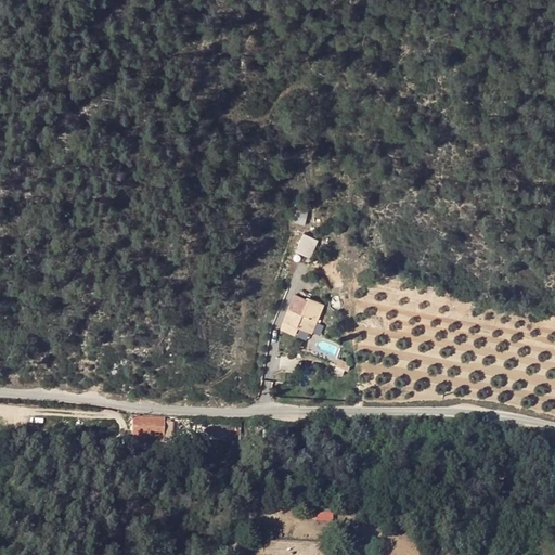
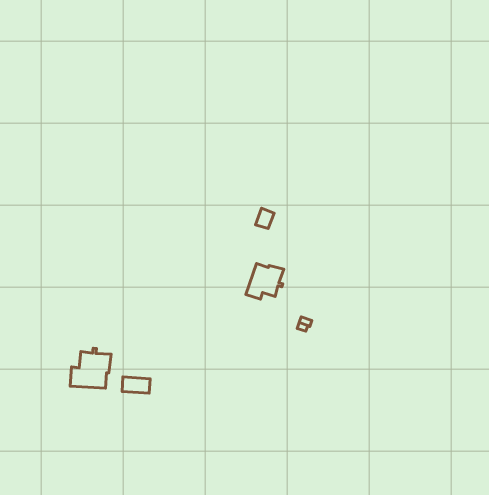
building: none -> [70,348,111,388]

